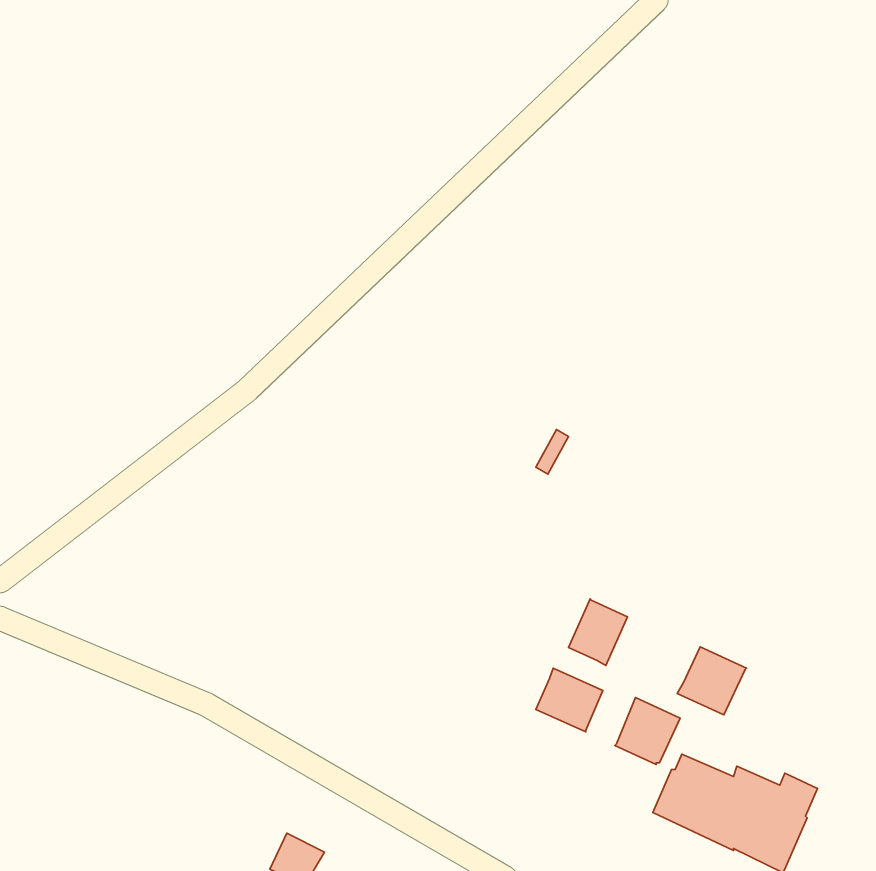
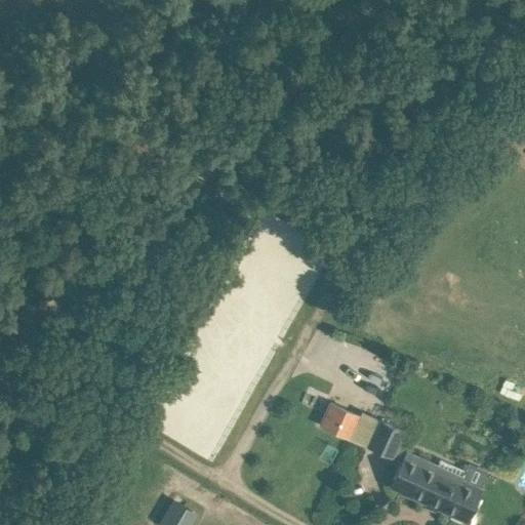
building: [568,599,628,665] -> none
building: [677,647,747,715] -> none

